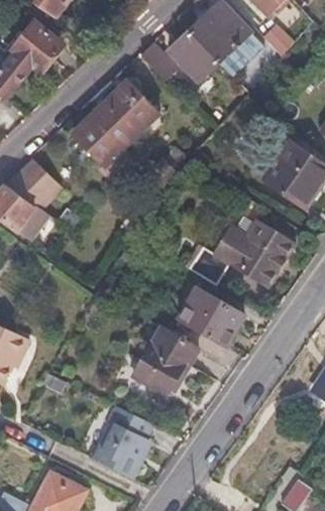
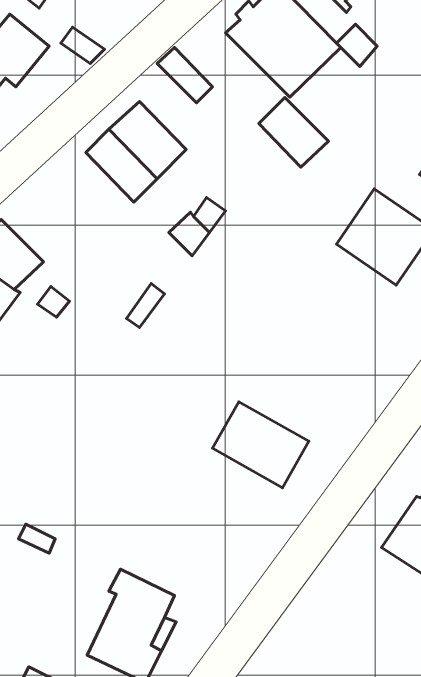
building: [169,32,217,81] -> [259,97,329,167]
building: [73,115,123,166] -> none
building: [195,223,302,291] -> none
building: [134,328,199,395] -> none

